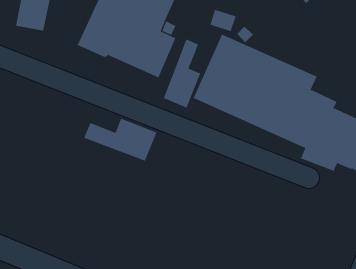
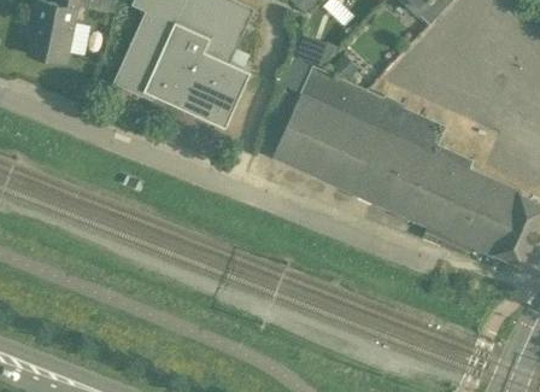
building: [163,38,201,108] -> none
building: [83,118,157,162] -> none

